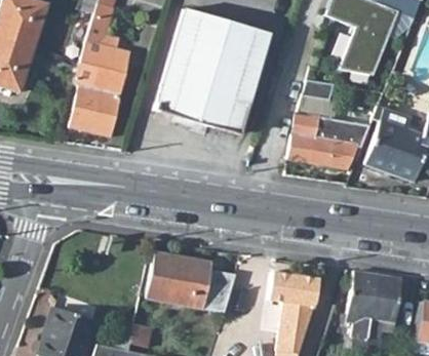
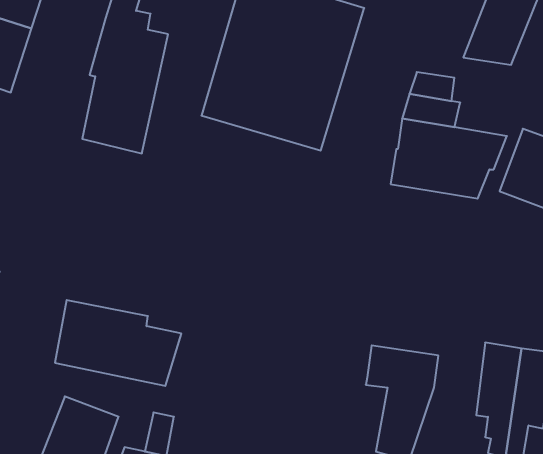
building: [146,252,235,313] -> [55,300,181,386]

